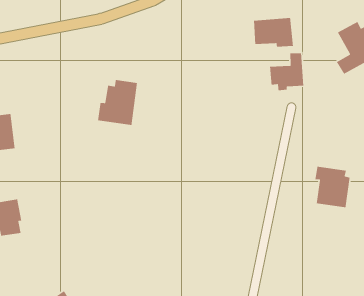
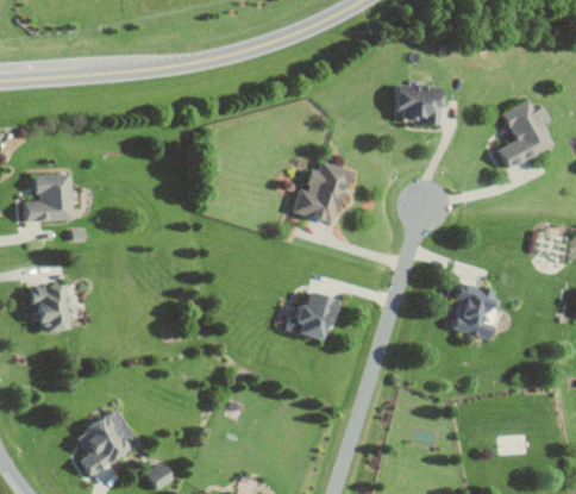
building: [269,52,304,91] -> none
building: [97,79,138,126] -> [293,162,350,224]
building: none -> [287,290,342,339]

